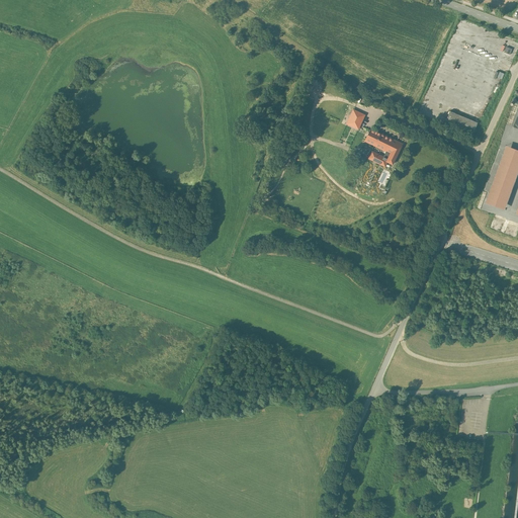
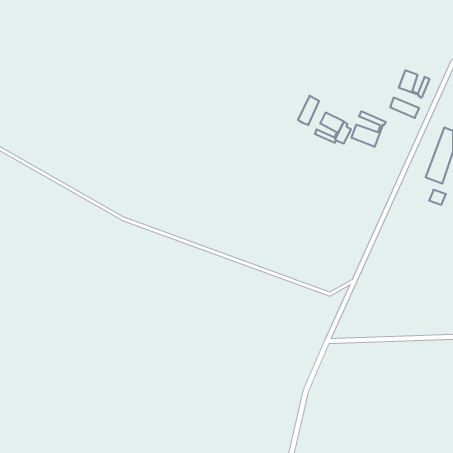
building: none -> [399,70,429,98]
building: none -> [352,111,386,147]

